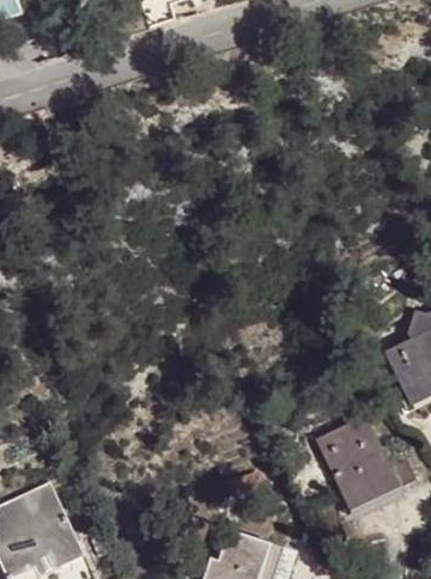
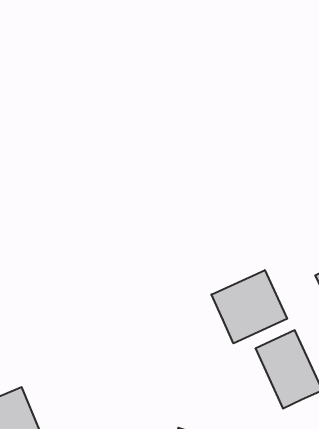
building: none -> [211,270,287,343]

